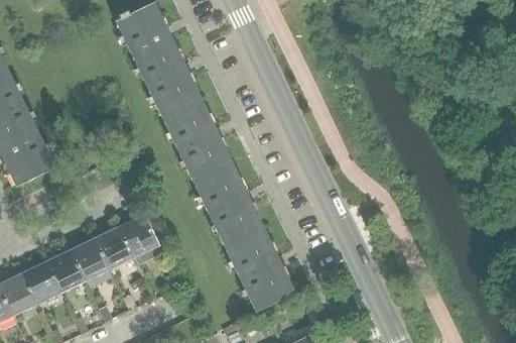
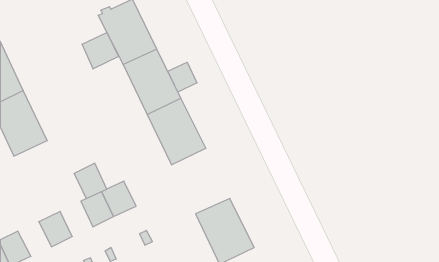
building: none -> [82,32,118,69]
building: none -> [168,62,197,92]
building: [201,177,269,253] -> none
building: [71,238,109,279] -> [74,163,107,199]
building: [21,262,60,303] -> none

